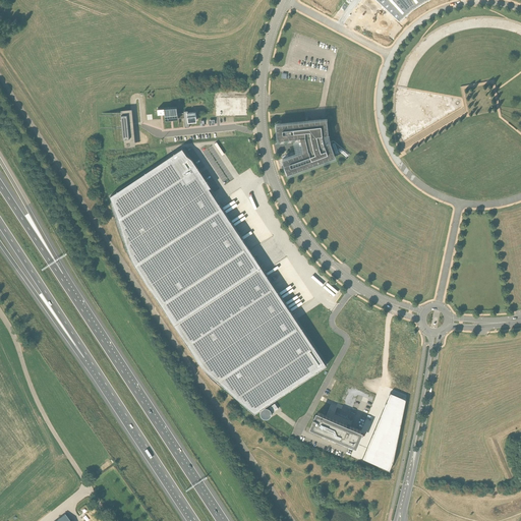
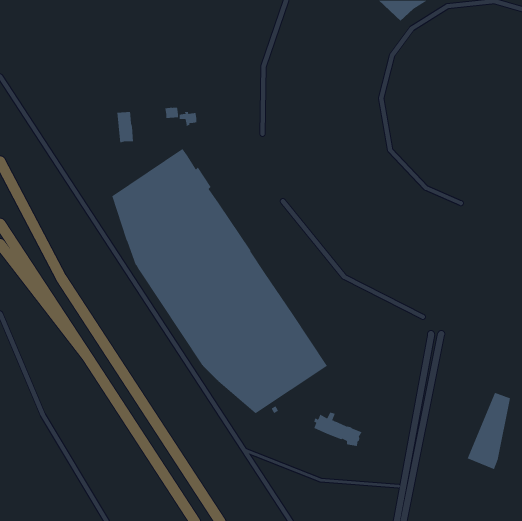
building: [277,120,335,174] -> none
building: [362,394,406,471] -> [467,392,511,470]

